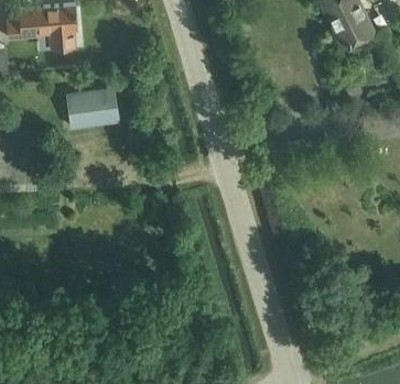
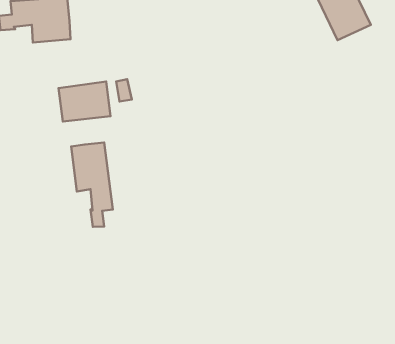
building: none -> [71,142,113,227]

